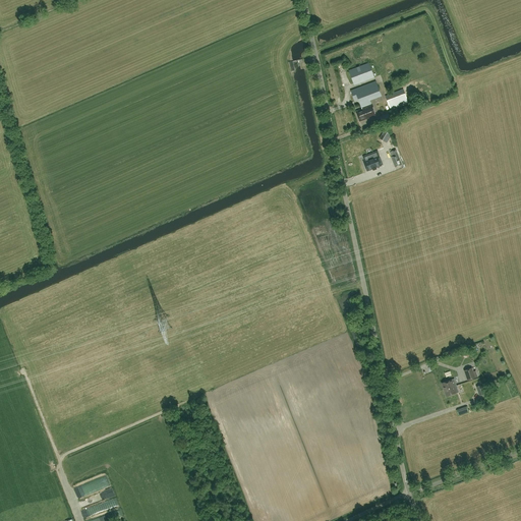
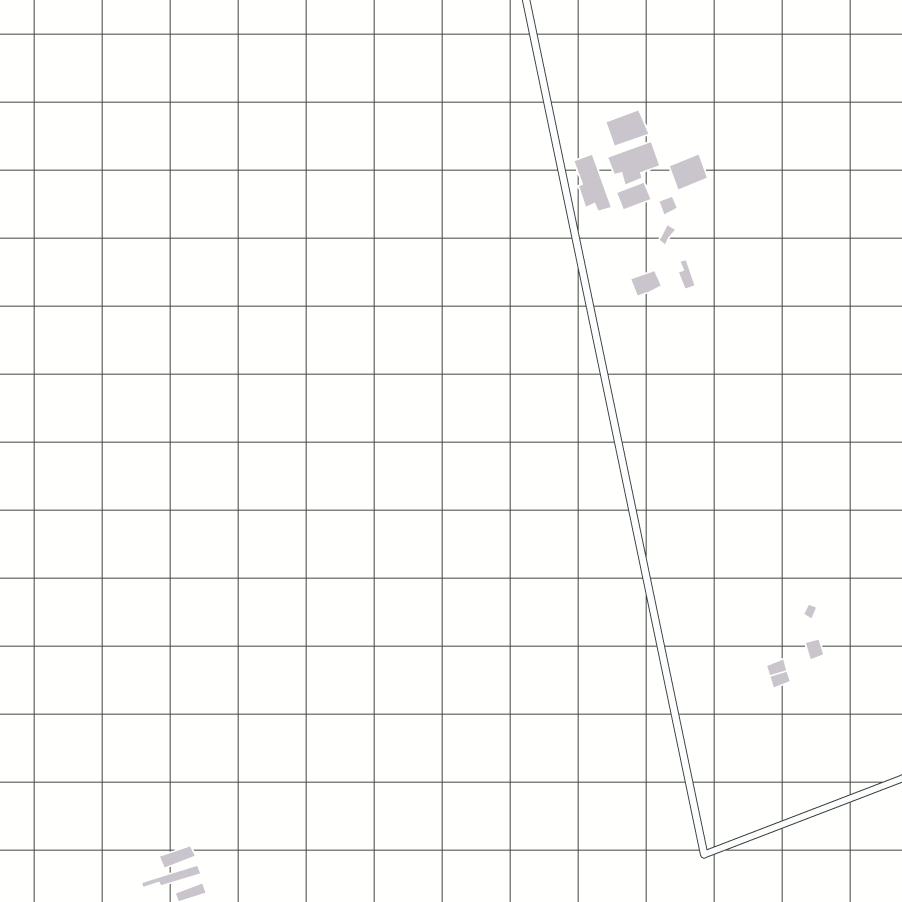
building: none -> [574,154,612,212]

